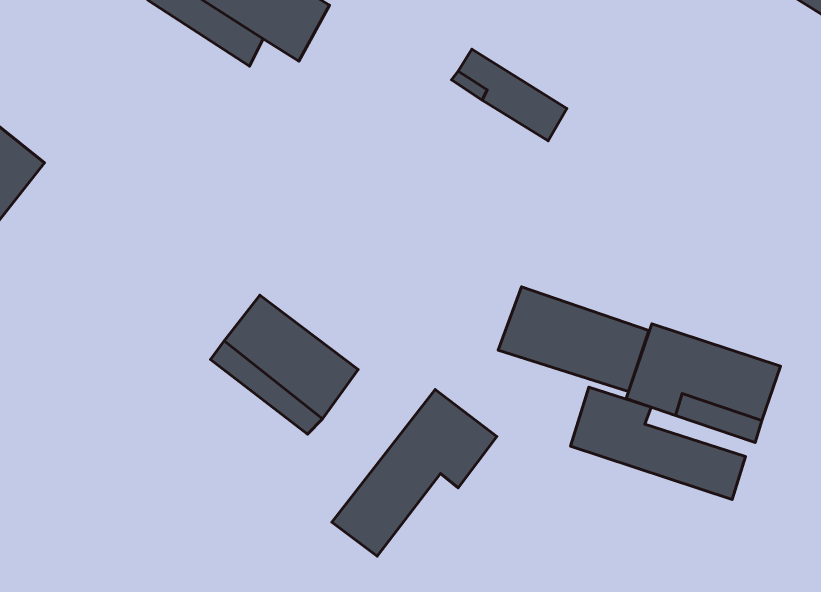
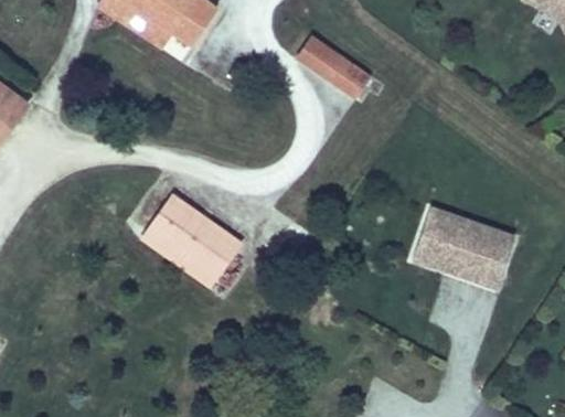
building: [498,287,649,392] -> none
building: [571,387,745,499] -> none
building: [332,390,497,556] -> none

